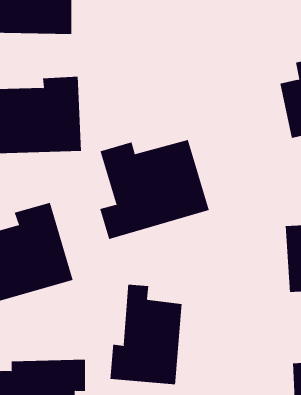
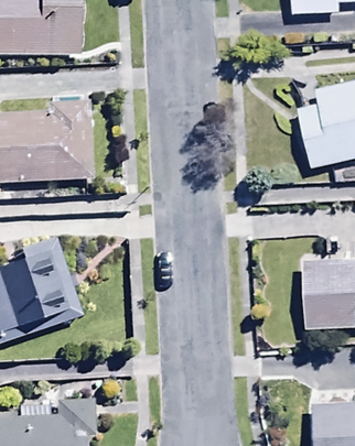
building: [100,139,210,240] -> none
building: [110,284,182,385] -> none

